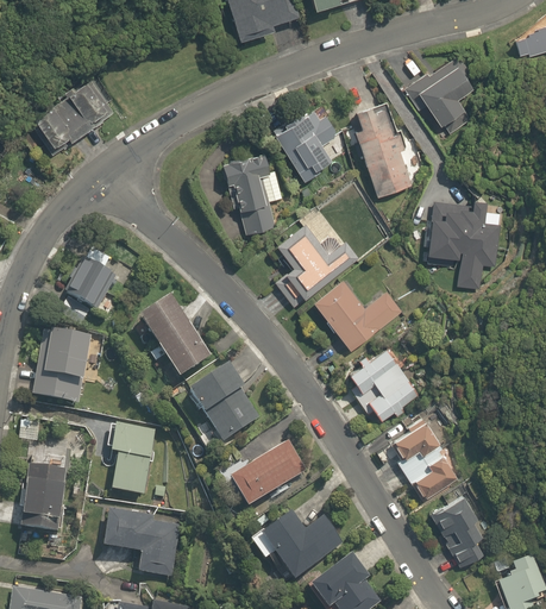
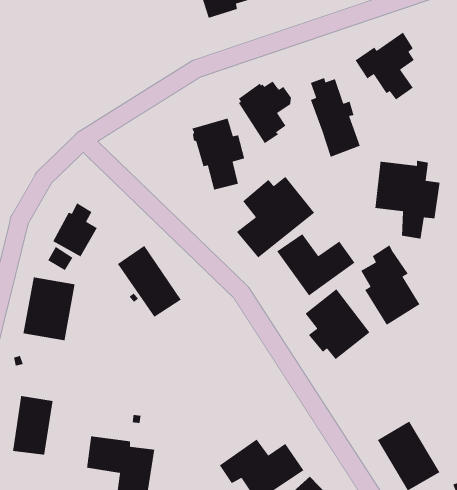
building: [30,79,113,153] -> none
building: [188,363,259,445] -> none
building: [391,410,459,502] -> [360,244,421,326]
building: [109,422,153,494] -> none
building: [232,435,308,509] -> none

